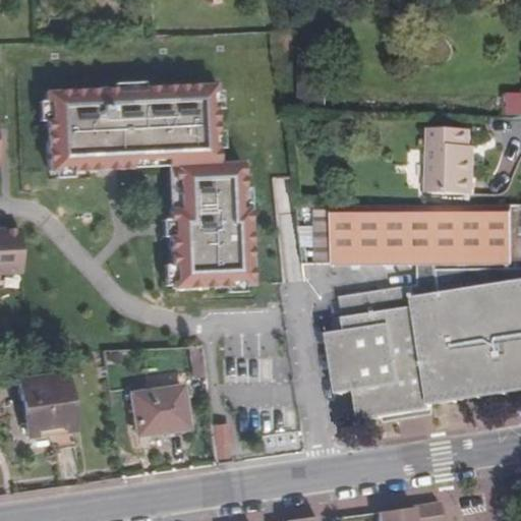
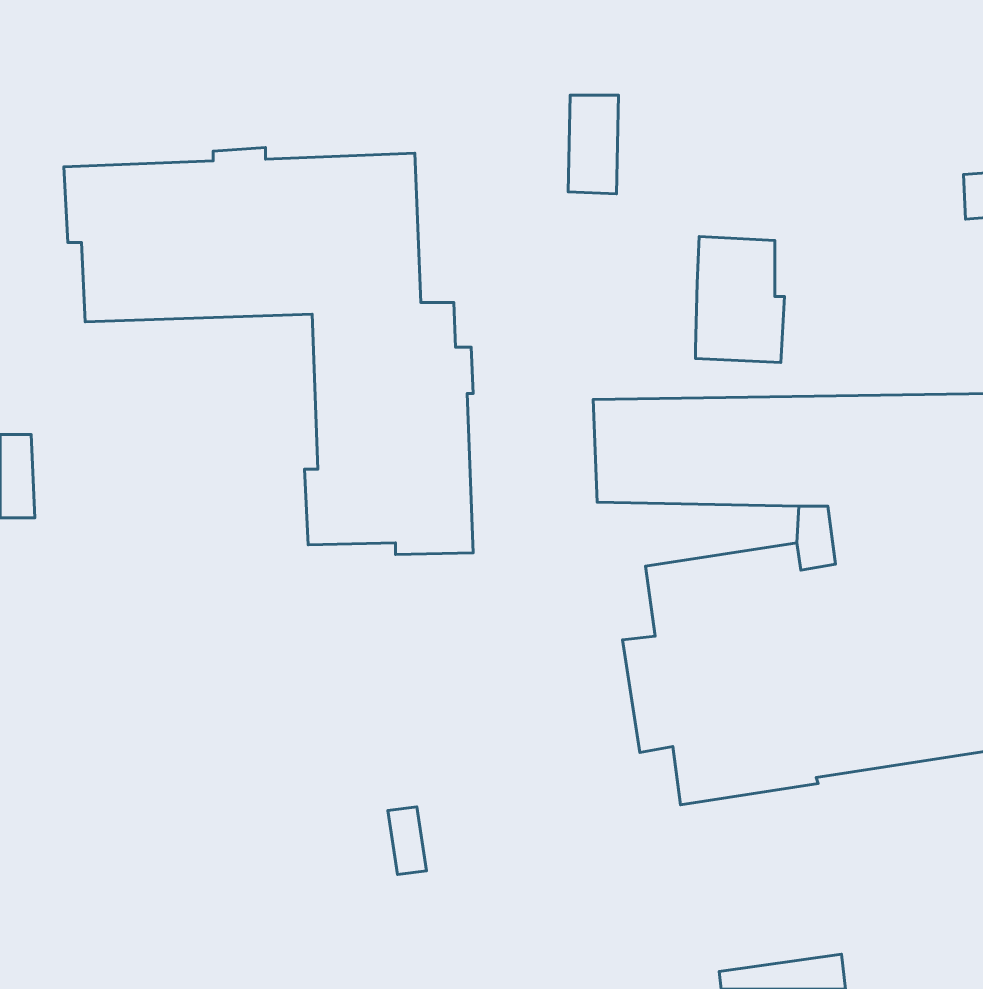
building: [428,130,475,196] -> [695,236,785,363]
building: [19,385,75,458] -> none
building: [128,392,185,441] -> none

